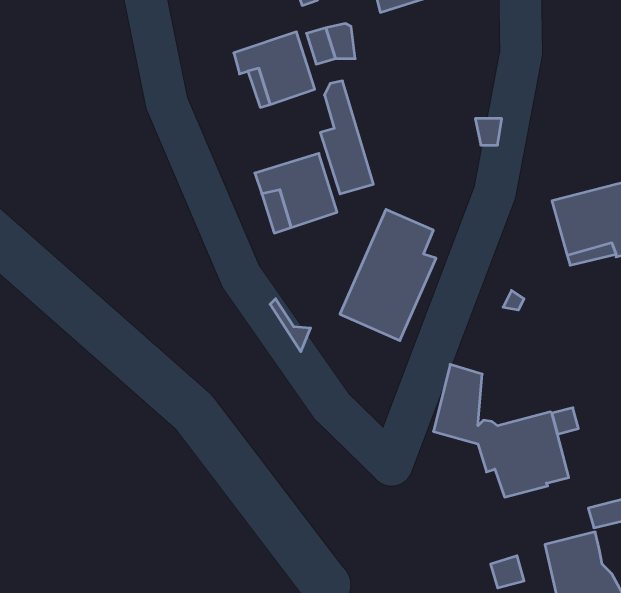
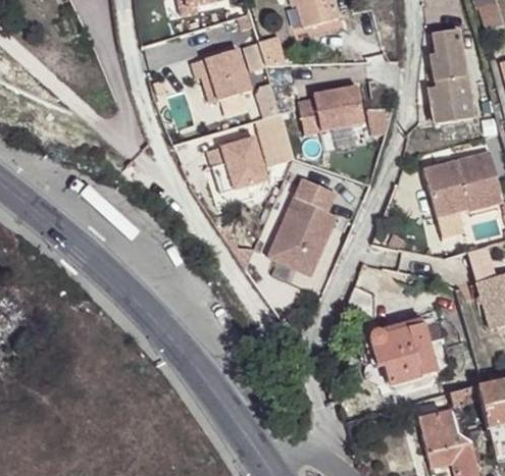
building: none -> [421,35,464,129]
building: none -> [298,83,365,131]

